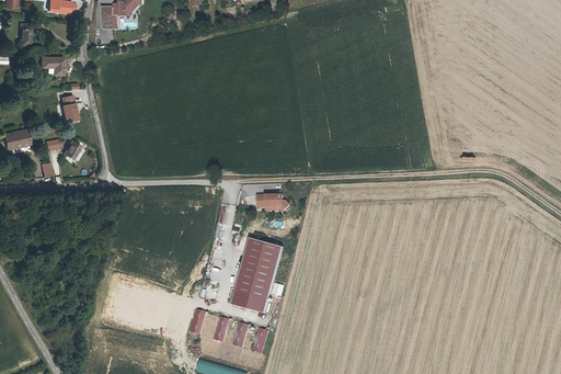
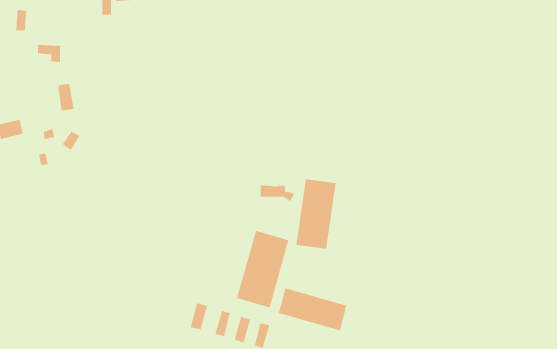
building: none -> [296,178,336,250]
building: none -> [278,288,347,331]

